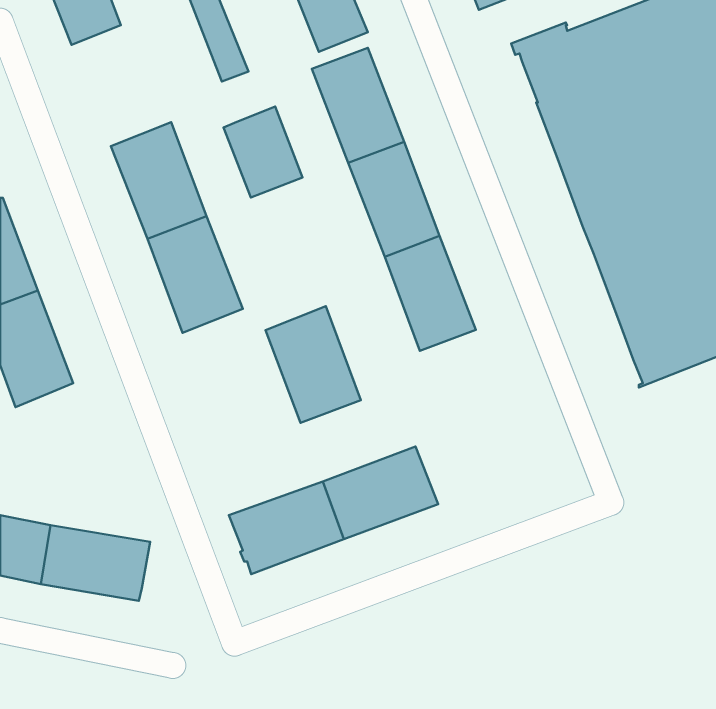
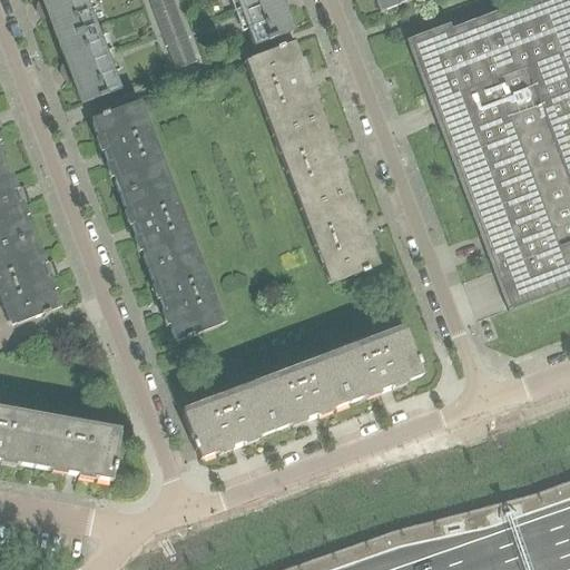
building: none -> [58,20,121,99]
building: [223,107,303,198] -> none
building: [265,306,361,423] -> [146,245,222,337]
building: none -> [331,326,423,400]

